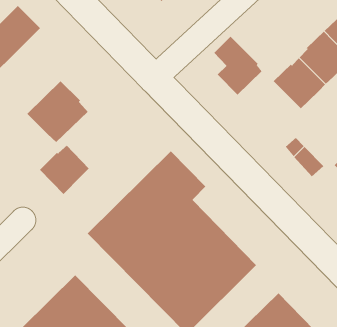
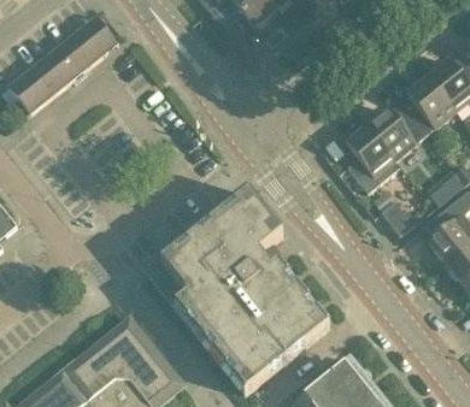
building: [213,36,263,96] -> [346,125,398,191]
building: [26,80,88,143] -> none
building: [39,145,89,195] -> none

